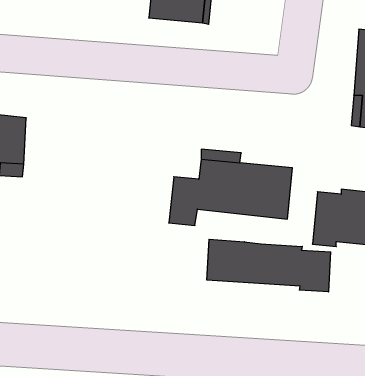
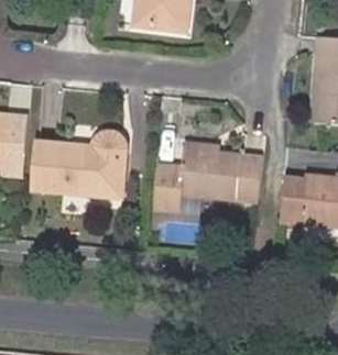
building: none -> [34,131,124,197]
building: [207,239,331,292] -> none

